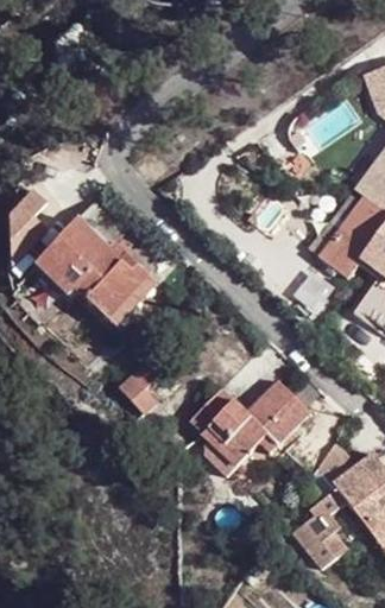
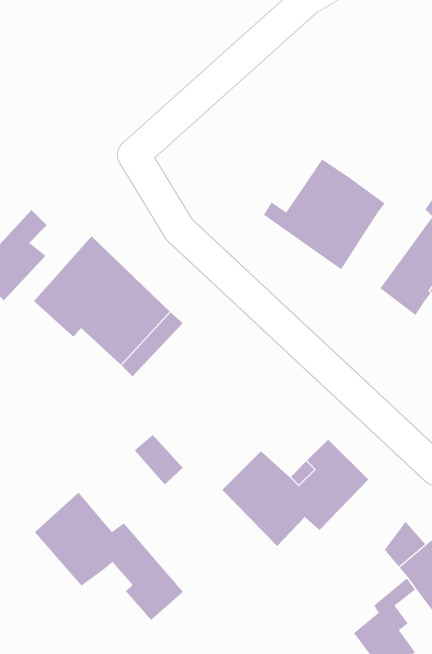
building: none -> [263,159,385,270]
building: none -> [34,492,184,621]

